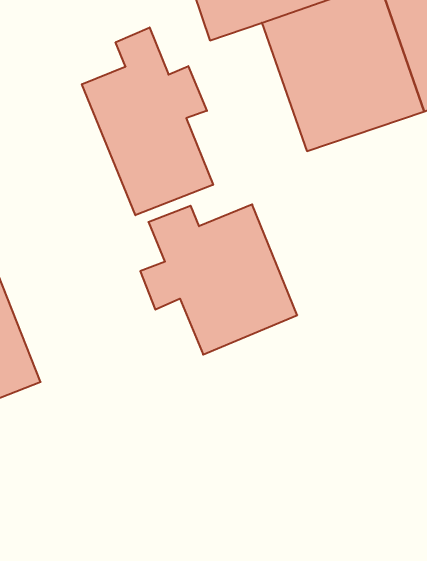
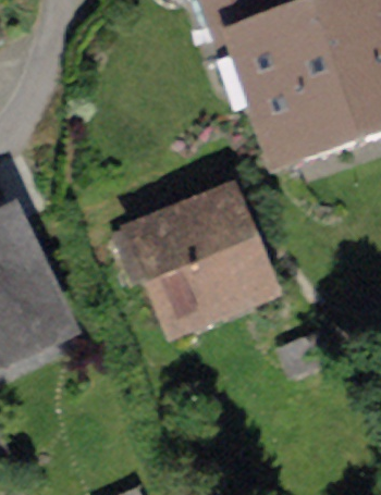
building: [82,27,213,215] -> none

